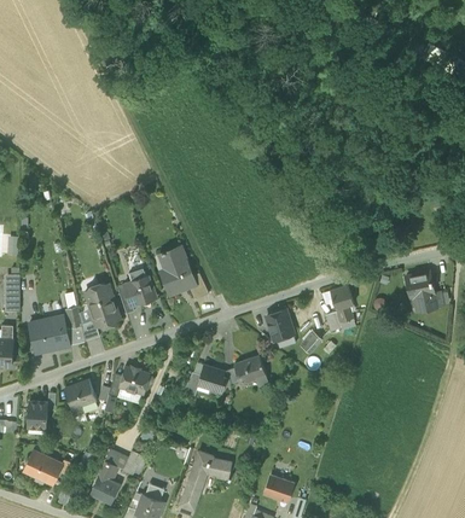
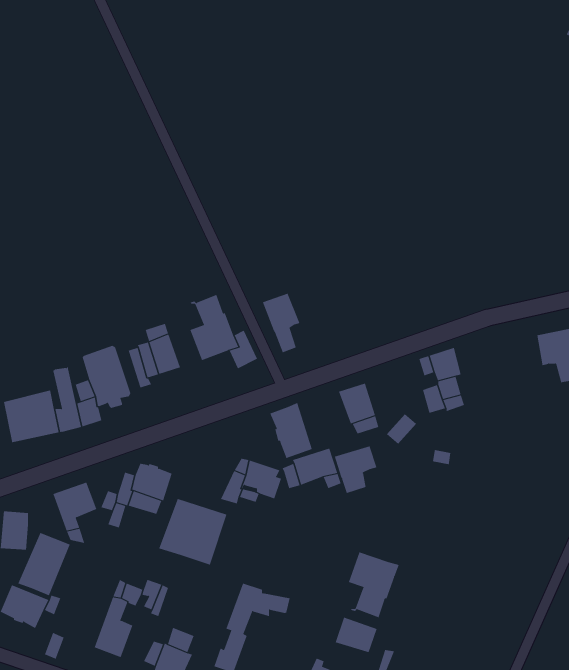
building: none -> [262,293,300,353]
building: none -> [269,402,313,459]
building: none -> [334,446,377,494]
building: none -> [158,498,227,565]
building: none -> [18,532,70,596]
building: none -> [348,551,399,618]

